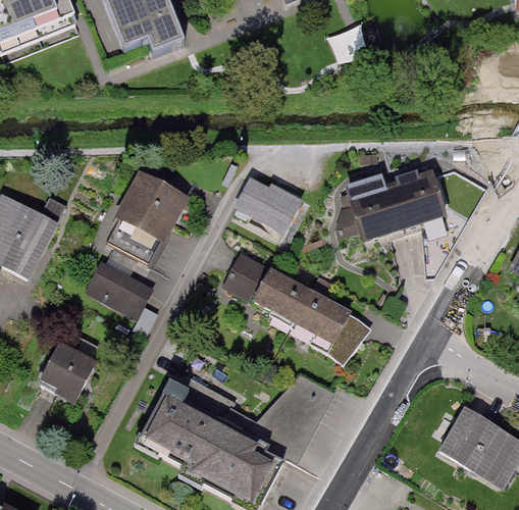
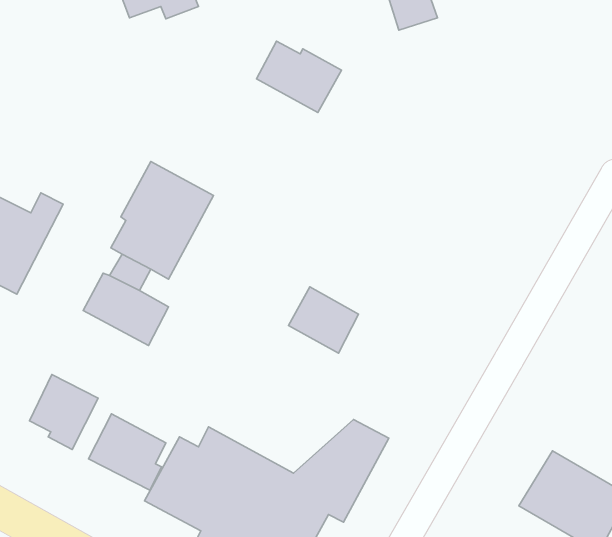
building: [334,167,448,241] -> none
building: [233,174,303,233] -> [256,41,342,113]
building: [222,256,268,303] -> none
building: [292,294,368,368] -> none
building: none -> [89,414,166,490]

